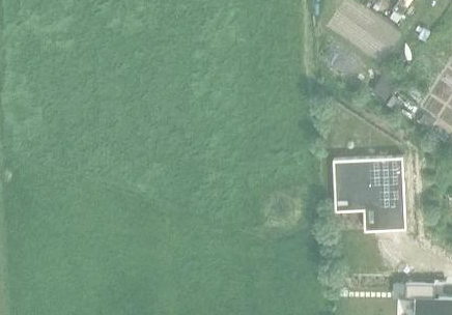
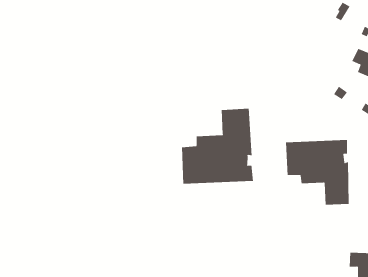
building: none -> [182,108,253,185]

